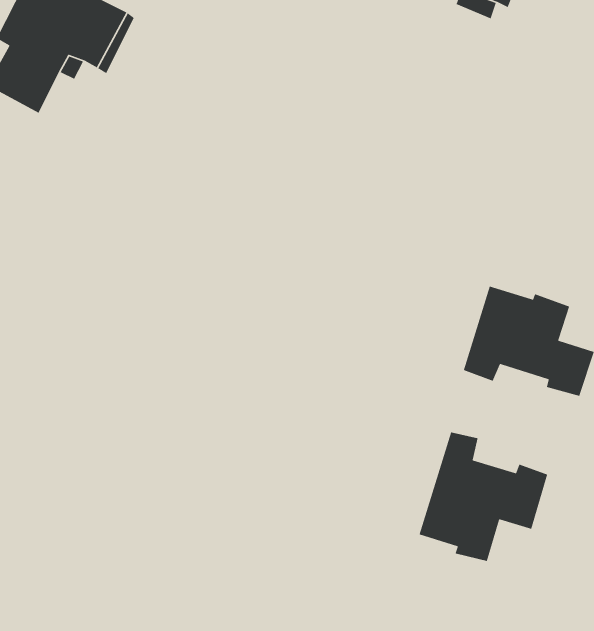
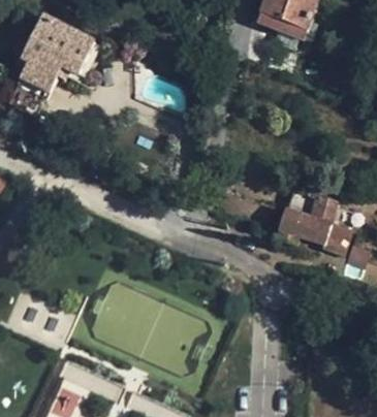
building: [418,432,548,562] -> none

